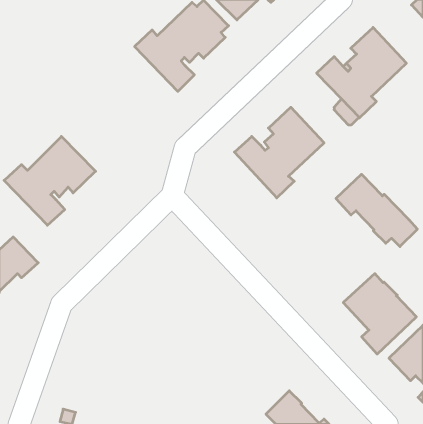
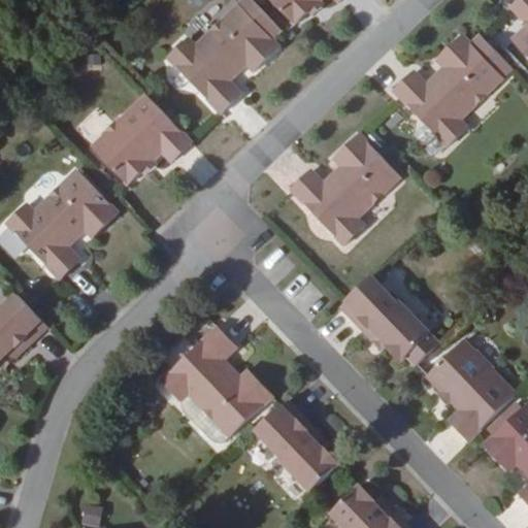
building: none -> [90,94,192,185]
building: [336,174,417,247] -> [339,275,440,365]
building: none -> [161,327,273,438]
building: none -> [254,399,338,492]

